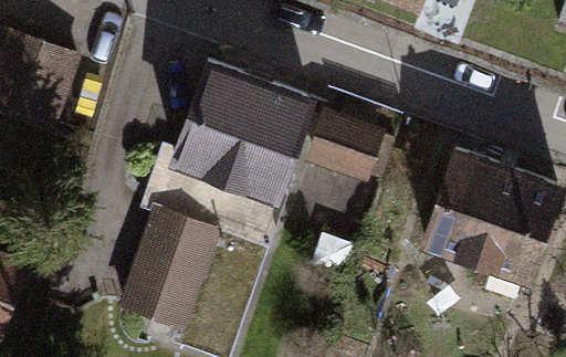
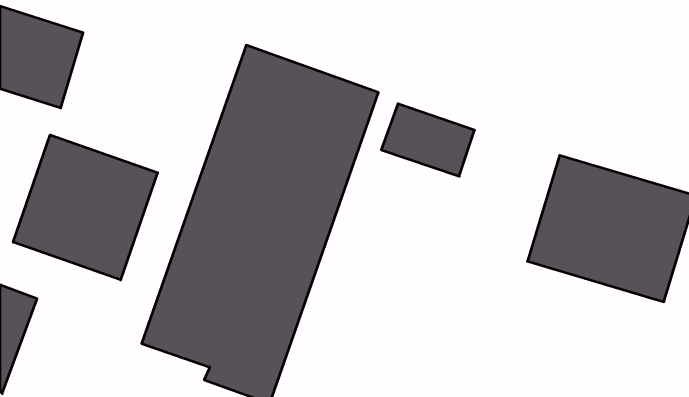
building: none -> [13,135,158,280]

